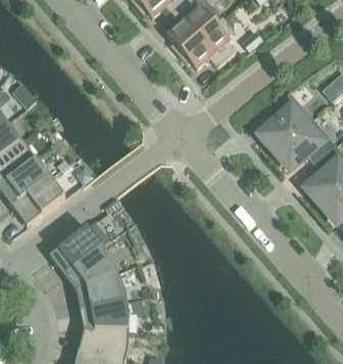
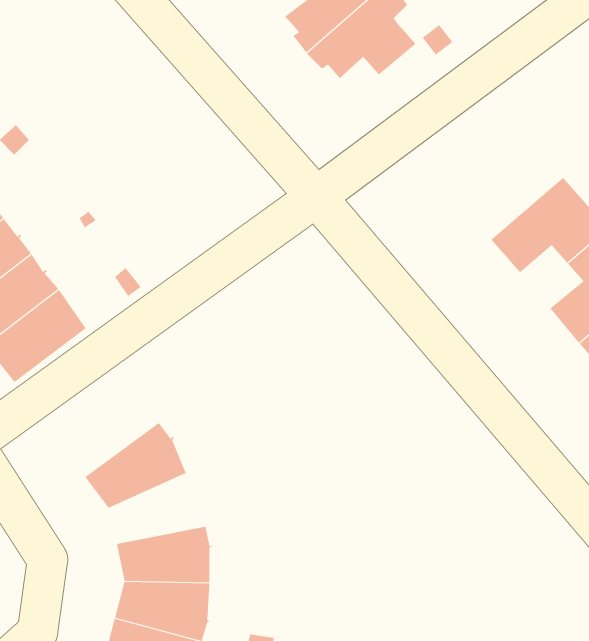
building: [259,91,312,151] -> none
building: [49,222,108,275] -> none
building: [76,273,127,310] -> none

